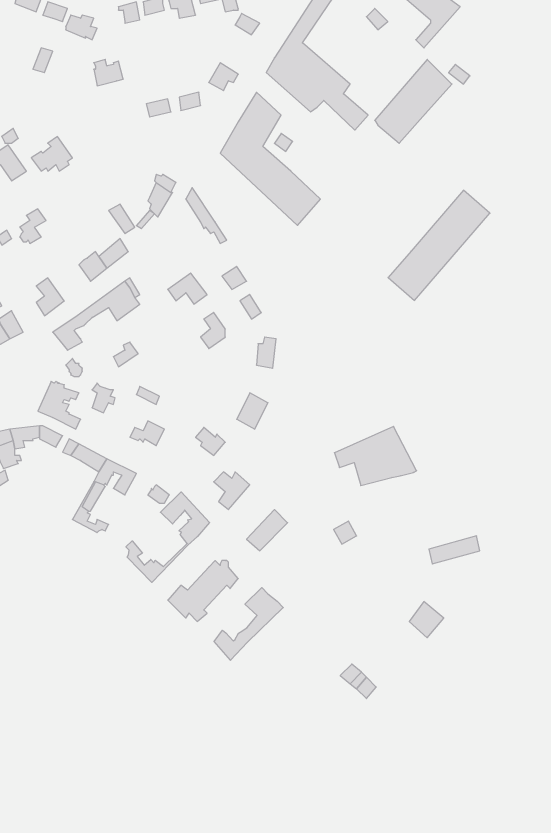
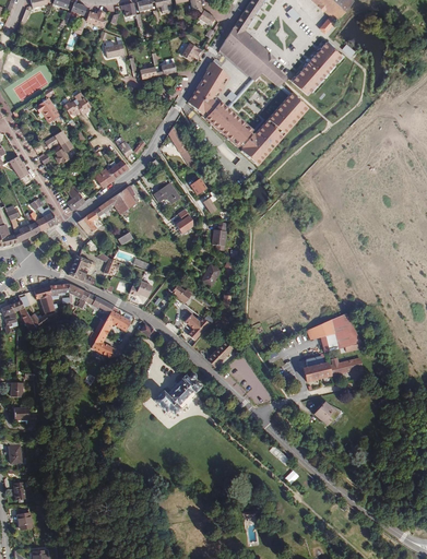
building: [388,190,490,300] -> [240,93,308,166]
building: [334,426,417,486] -> [307,312,361,352]
building: [126,492,210,582] -> none
building: none -> [304,356,330,381]
building: [214,588,283,660] -> none

